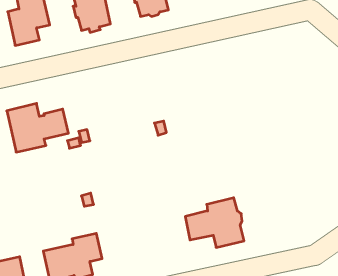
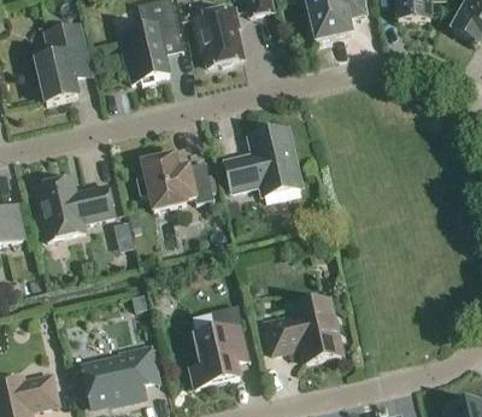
building: none -> [224,127,300,194]
building: none -> [136,153,213,209]
building: none -> [189,304,249,386]

